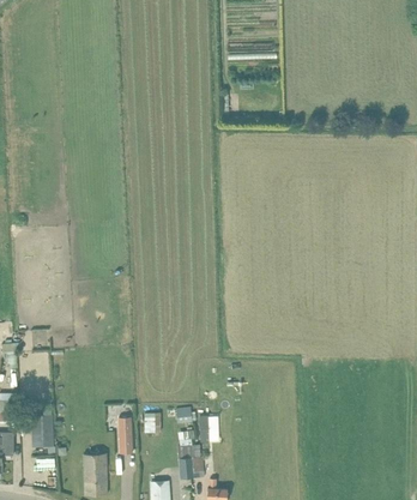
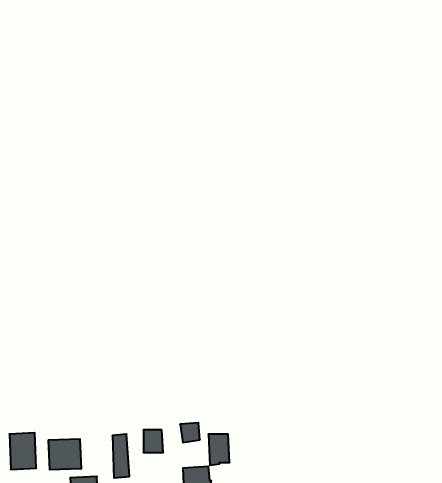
building: none -> [49,439,81,470]

